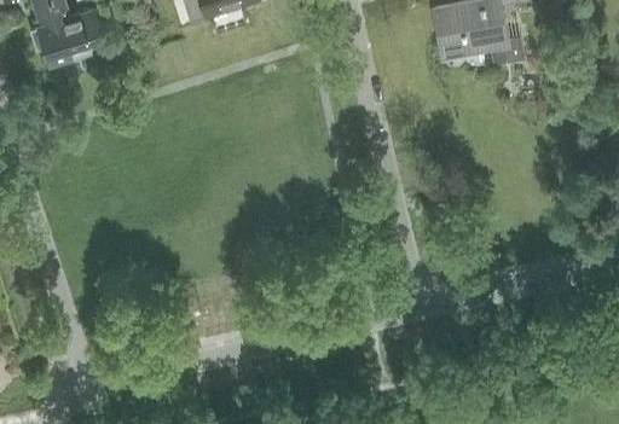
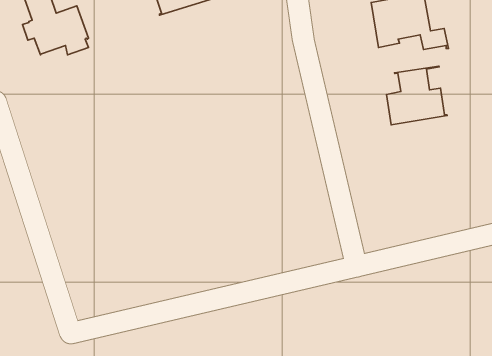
building: none -> [386,66,447,125]

